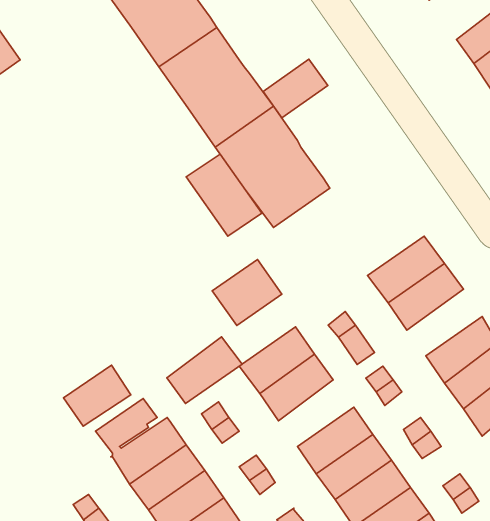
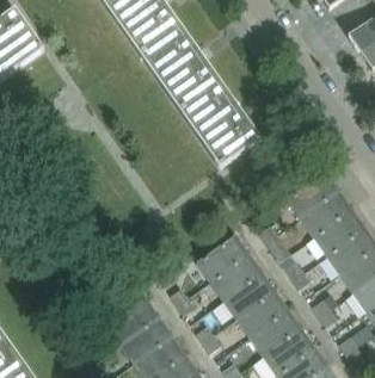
building: [263,59,328,118] -> none
building: [186,154,262,236] -> none
building: [212,259,282,326] -> none
building: none -> [313,207,365,254]
building: [167,337,242,403] -> [223,271,276,317]
building: [64,365,131,426] -> none

